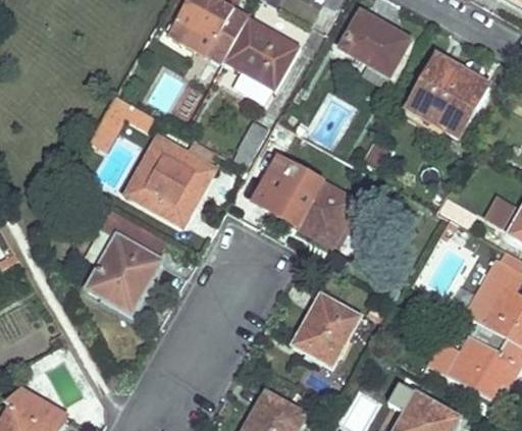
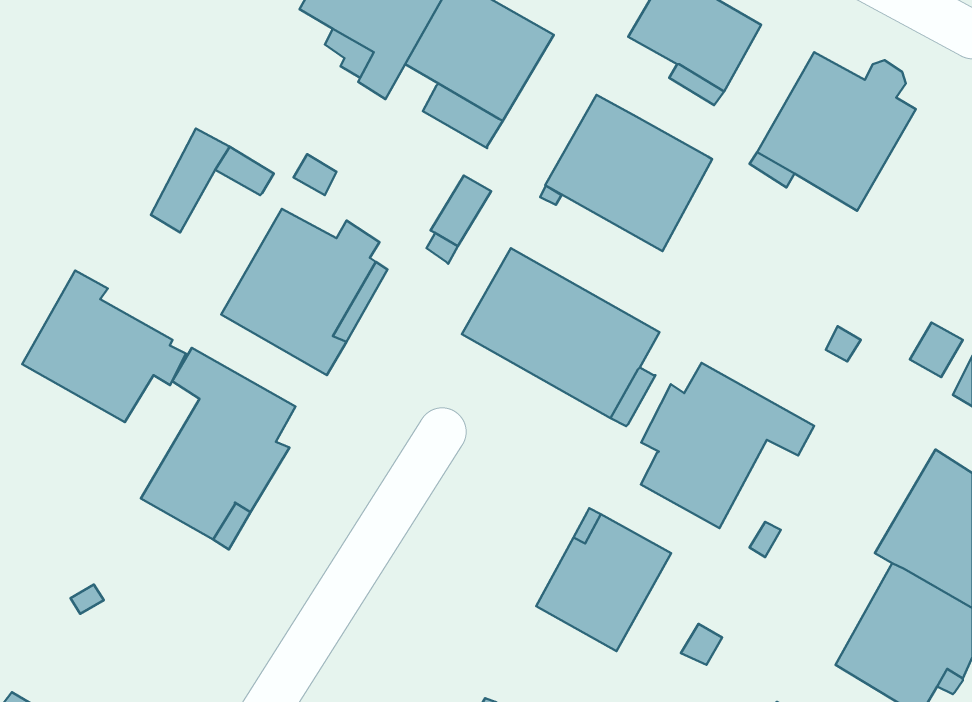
building: none -> [545,95,712,251]
building: none -> [22,270,186,422]
building: none -> [641,363,814,528]

